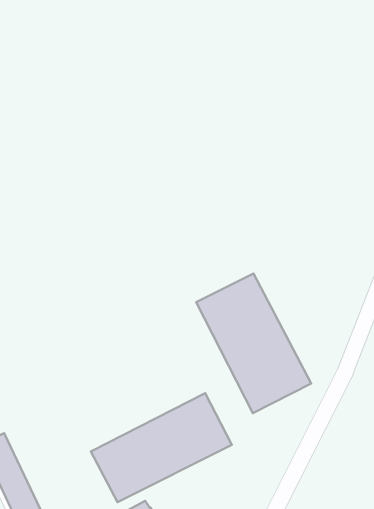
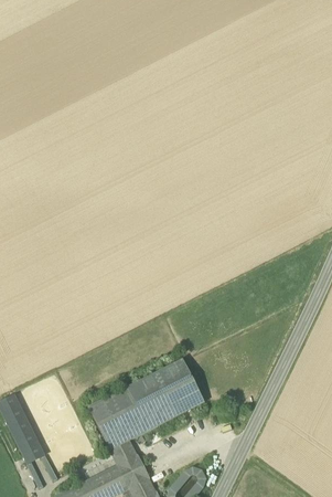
building: [196,274,311,413] -> none

